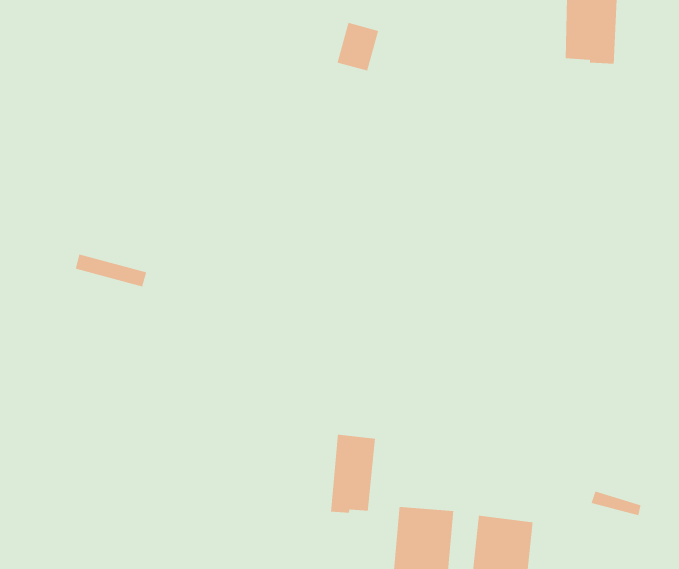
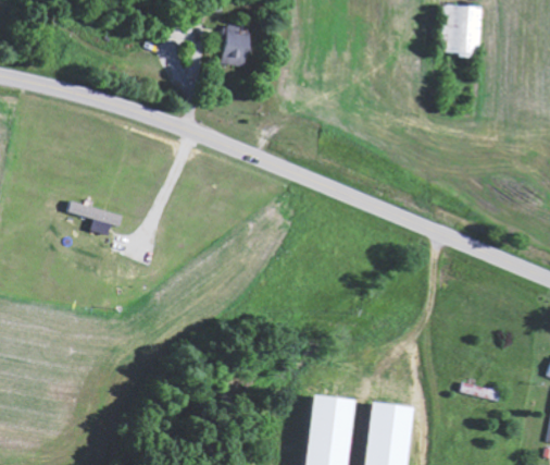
building: [337,22,379,72] -> [217,29,250,68]
building: [330,434,376,514] -> none

